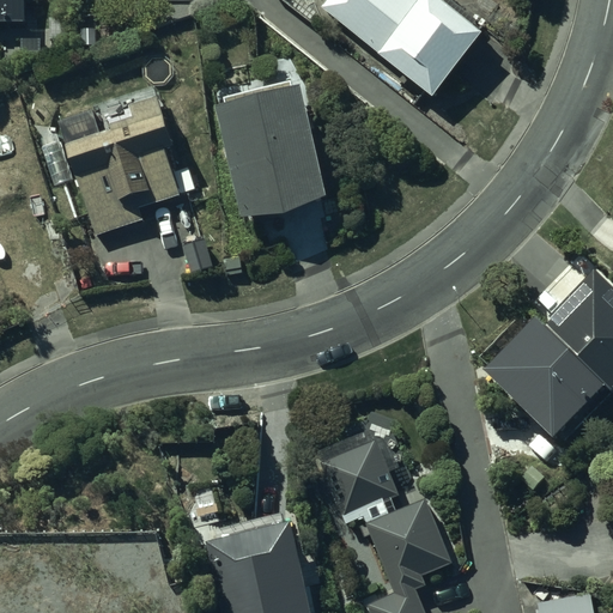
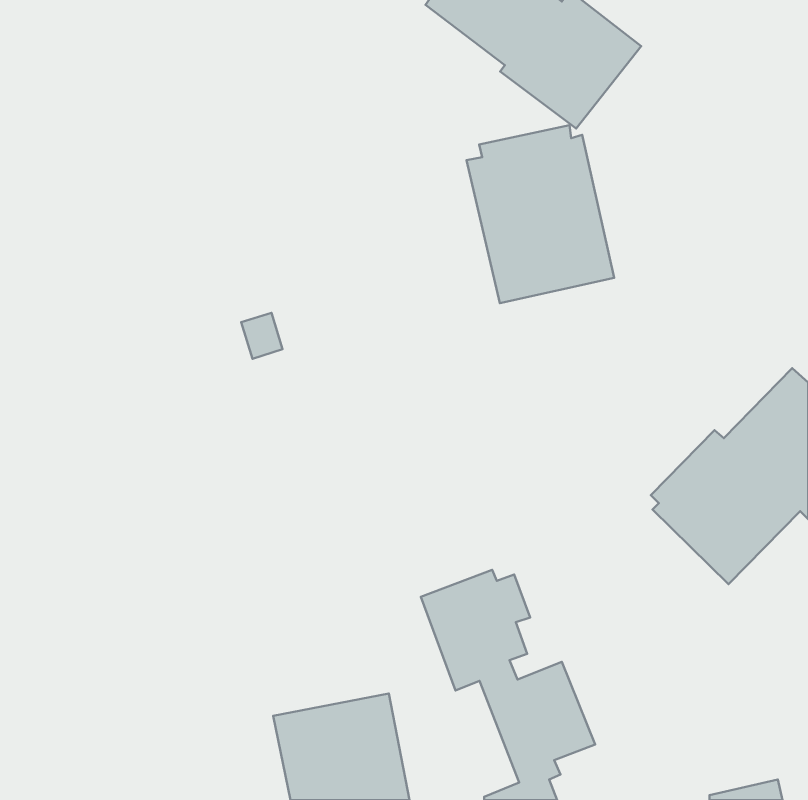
building: [216,84,327,218] -> [466,125,614,303]
building: [59,98,182,231] -> none

